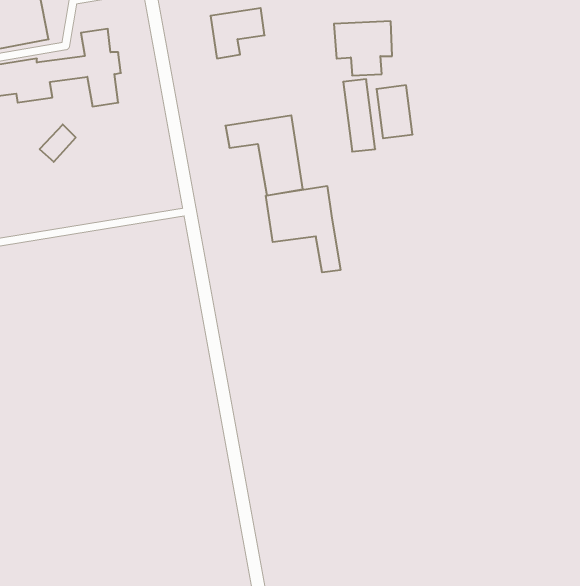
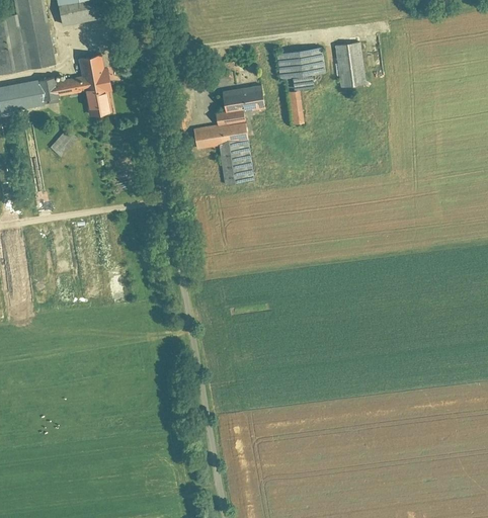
building: [210,8,265,58] -> [221,85,263,124]
building: [376,85,413,138] -> [336,45,364,86]
building: [266,186,340,272] -> none

